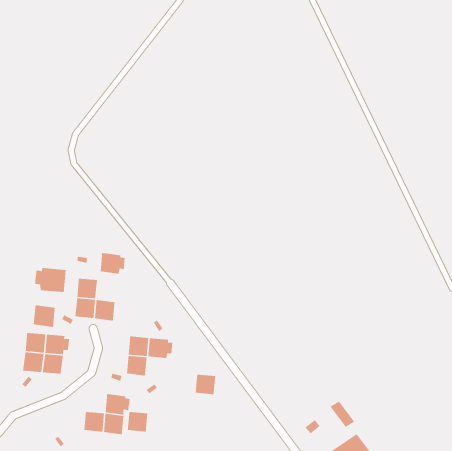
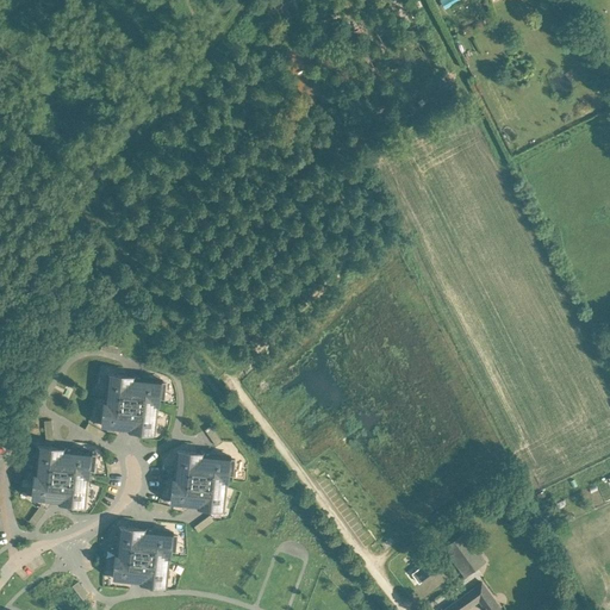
building: [100,252,125,274] -> [129,379,163,409]
building: [34,267,67,293] -> none
building: [33,305,56,328] -> none
building: [195,374,216,395] -> [195,483,224,511]
building: [127,411,148,432] -> [114,529,143,558]

